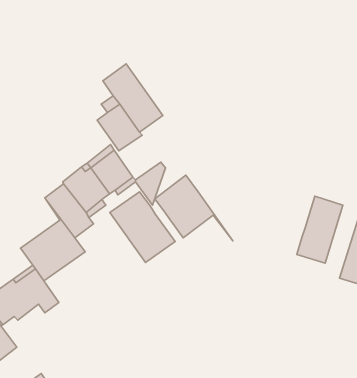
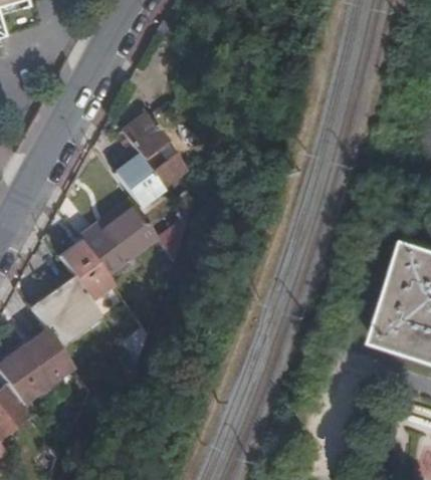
building: [155,175,233,241] -> none
building: [110,192,175,262] -> none
building: [297,196,343,263] -> none

